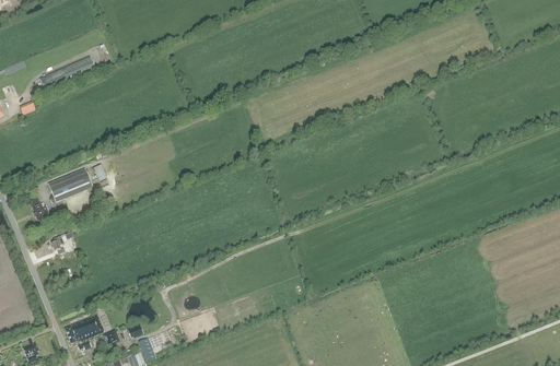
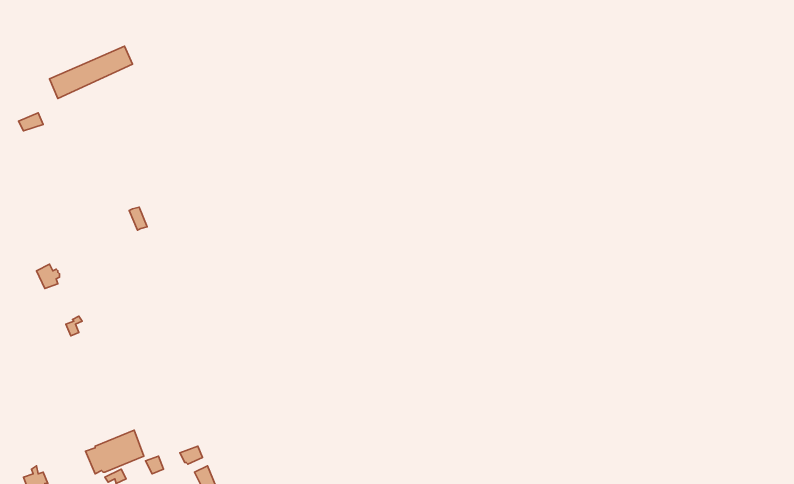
building: [48,166,93,200] -> none

